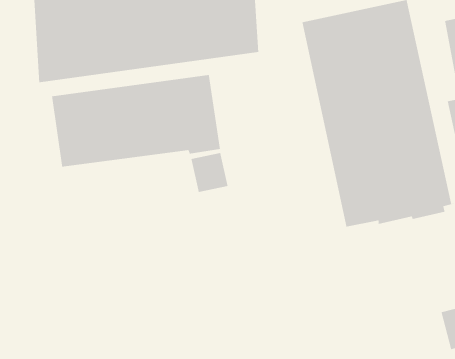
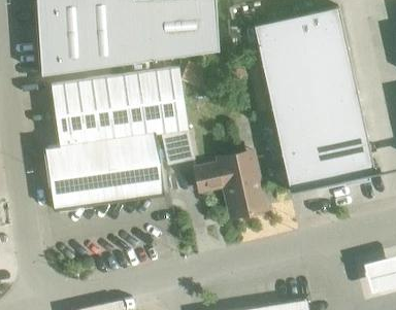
building: none -> [46,130,165,209]
building: none -> [196,157,266,217]

